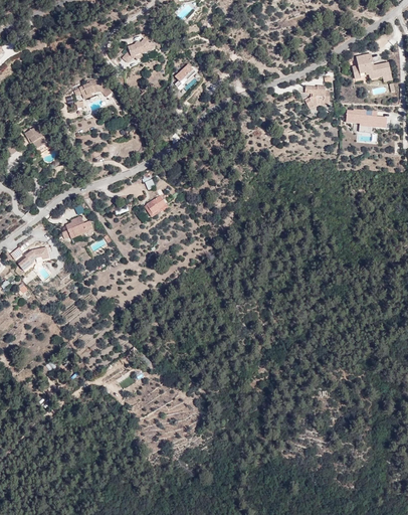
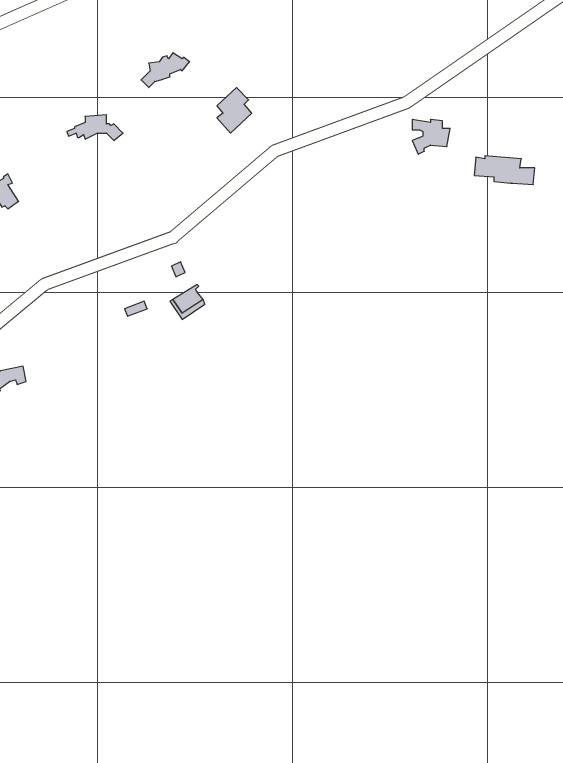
building: [352,53,391,77] -> none
building: [60,213,91,236] -> none

